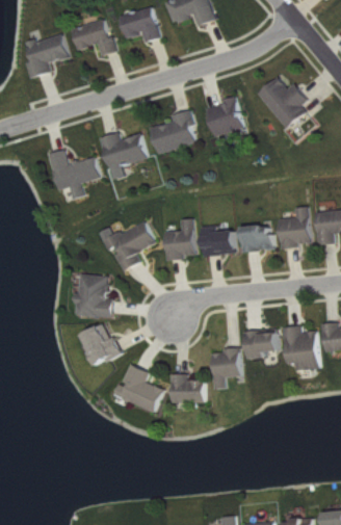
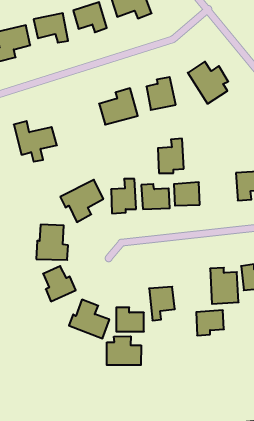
building: [99,132,147,180] -> none
building: [279,207,310,248] -> [158,139,184,173]
building: [244,329,278,359] -> [196,310,224,335]
building: none -> [107,336,141,365]

